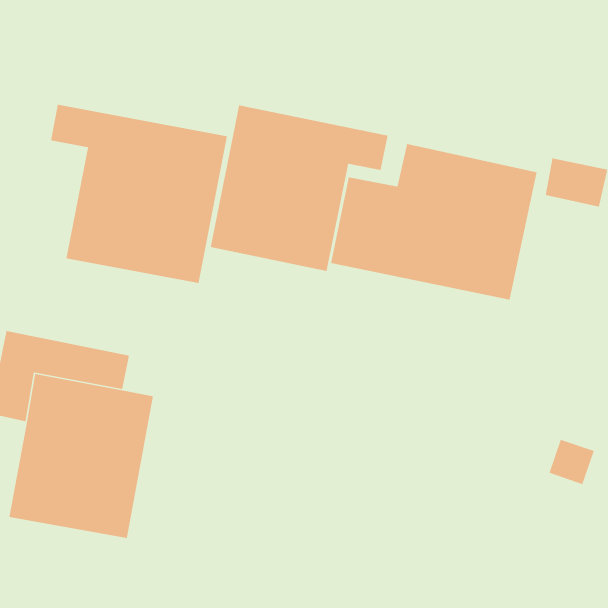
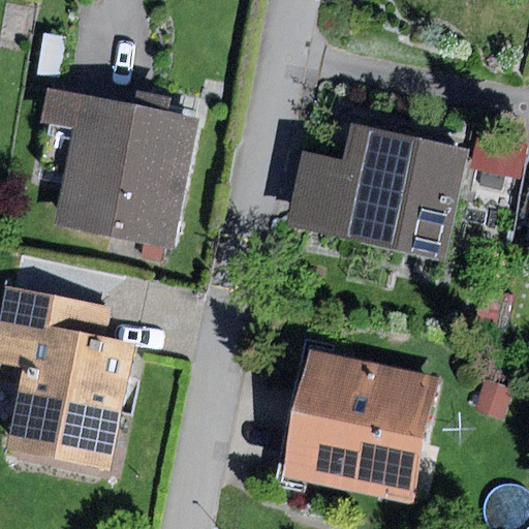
building: [210,104,388,272] -> none
building: none -> [280,347,435,502]

